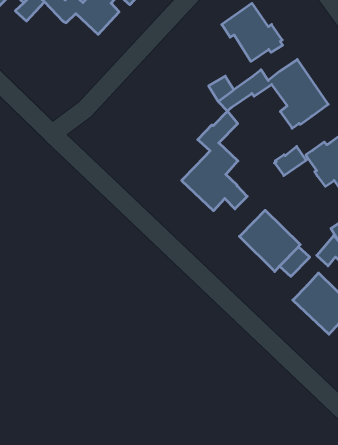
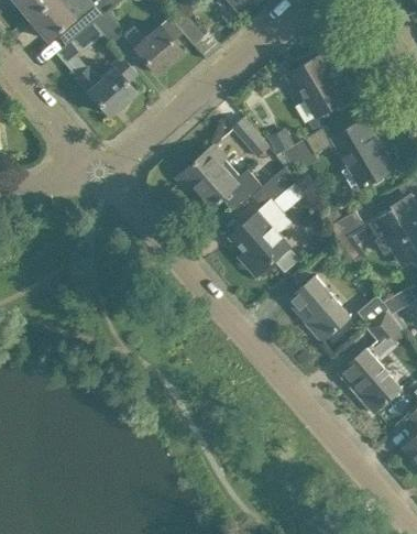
building: none -> [65,55,135,115]
building: none -> [231,117,268,156]
building: none -> [178,143,267,211]

